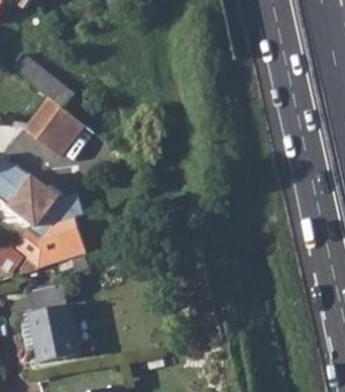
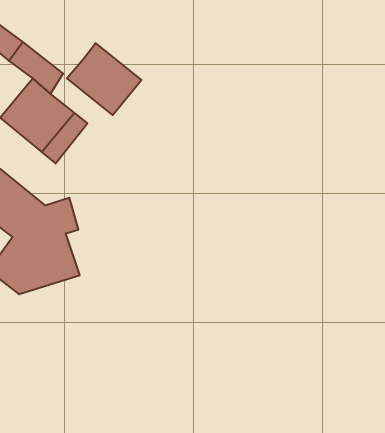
building: none -> [67,43,141,115]
building: [27,286,80,362] -> none

